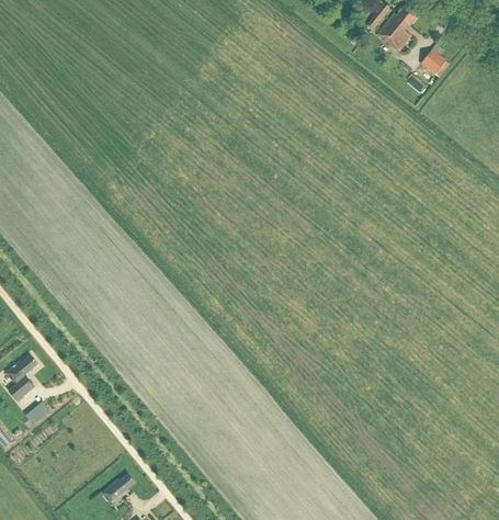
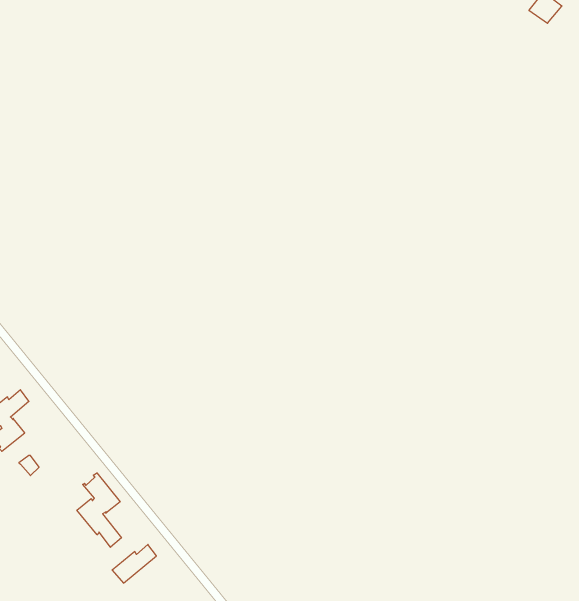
building: none -> [77,473,121,547]

